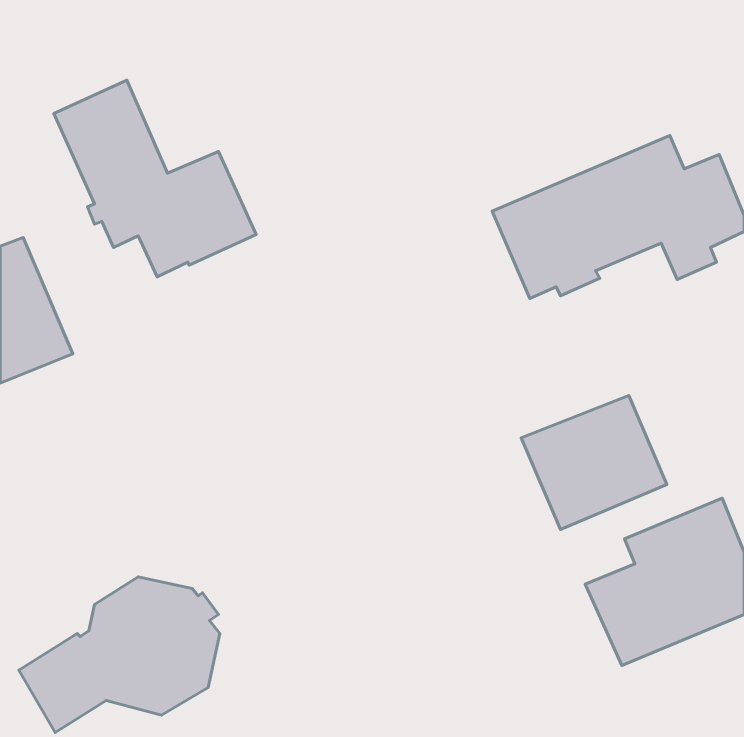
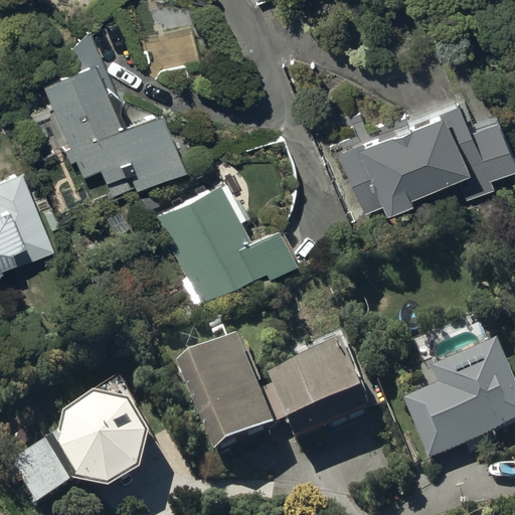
building: none -> [152,174,289,297]
building: [521,396,667,530] -> [270,351,370,444]
building: none -> [180,341,279,456]

